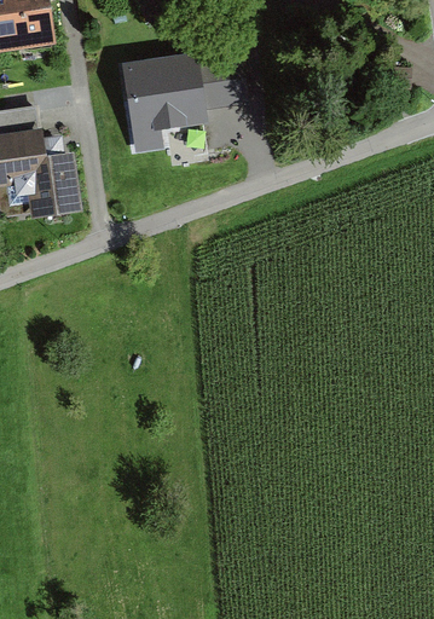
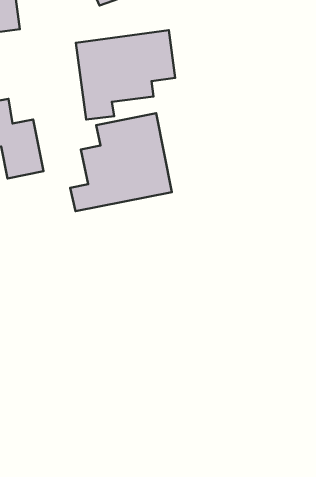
building: none -> [70,113,172,211]

